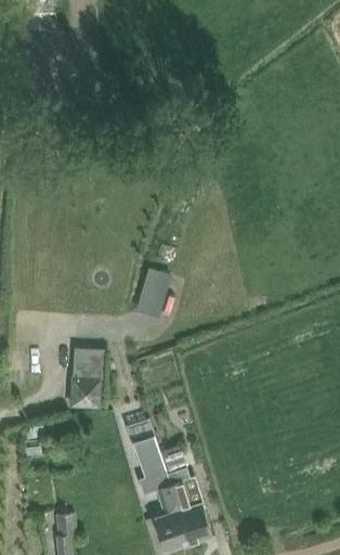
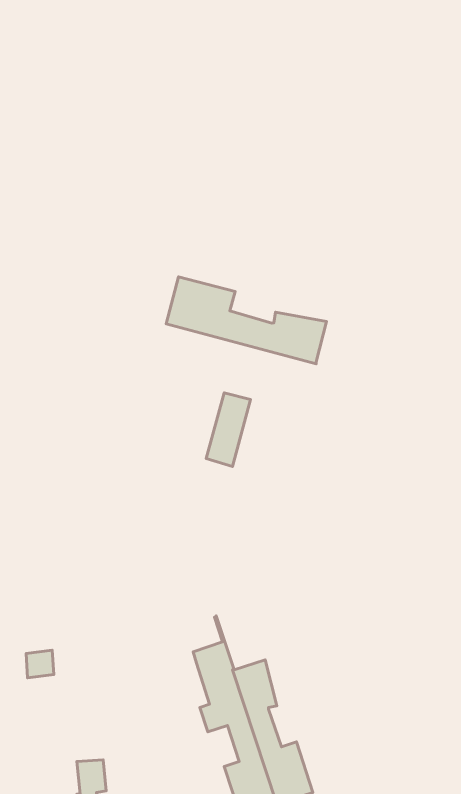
building: none -> [166,277,326,364]
building: [69,347,104,406] -> none

